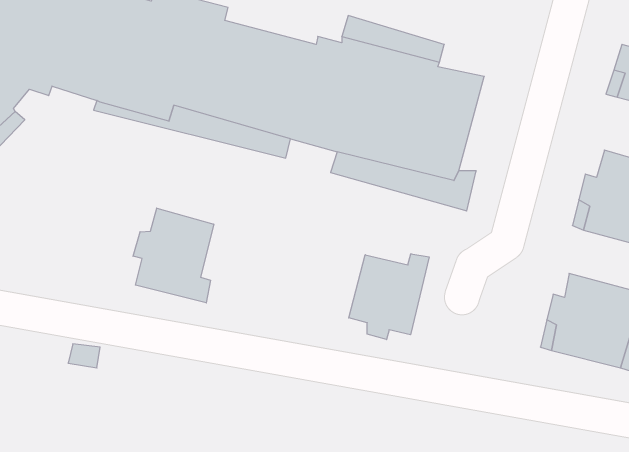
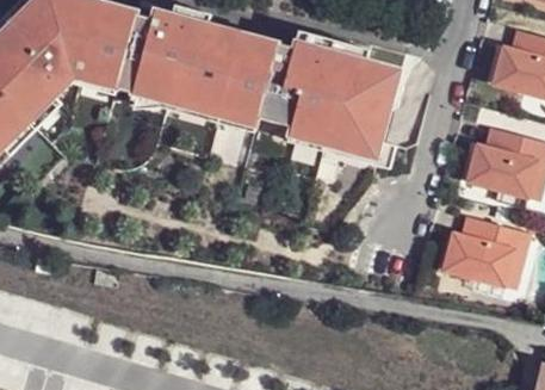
building: [133,208,214,303] -> none
building: [349,254,429,340] -> none

